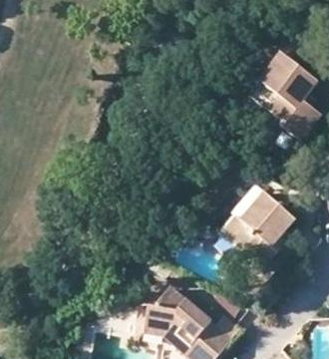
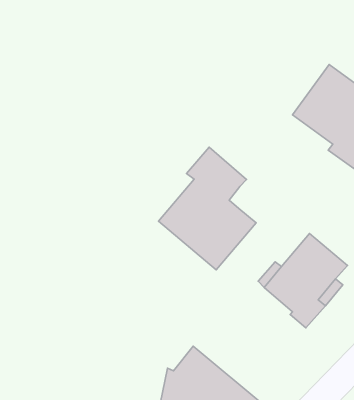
building: none -> [158,147,256,270]

